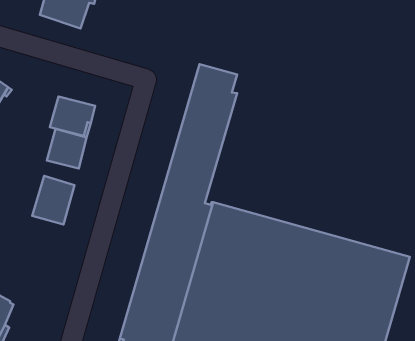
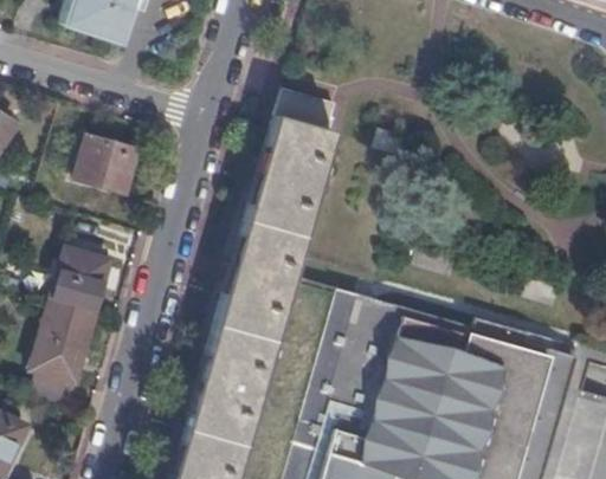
building: [47,129,87,169] -> none
building: none -> [30,303,94,403]

